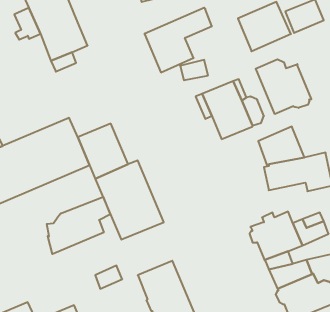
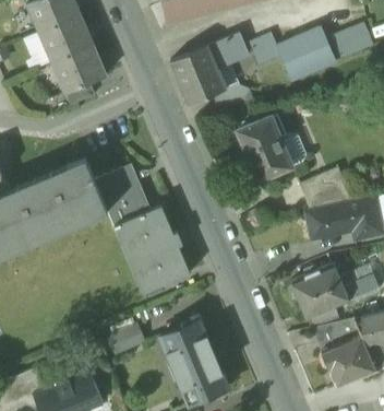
building: none -> [248,33,280,66]
building: [256,59,311,114] -> none
building: [47,197,110,254] -> none

